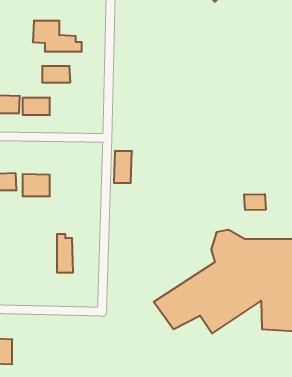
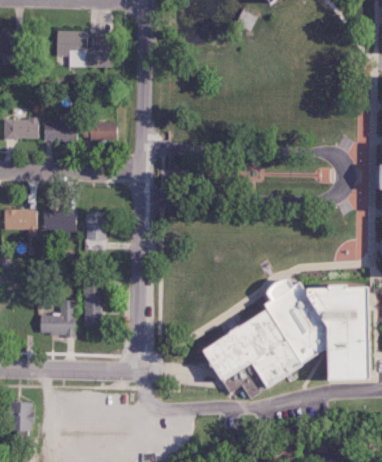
building: [42,66,70,82] -> [85,121,118,140]
building: [114,151,132,183] -> [87,211,108,248]
building: [244,194,266,210] -> none
building: none -> [41,300,76,334]

